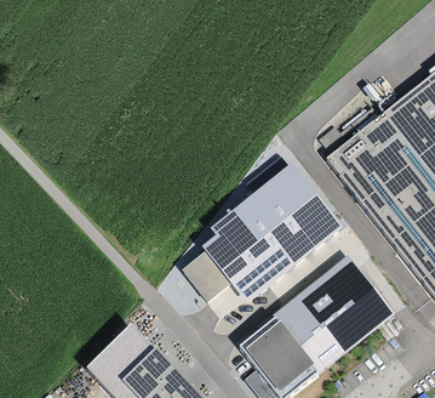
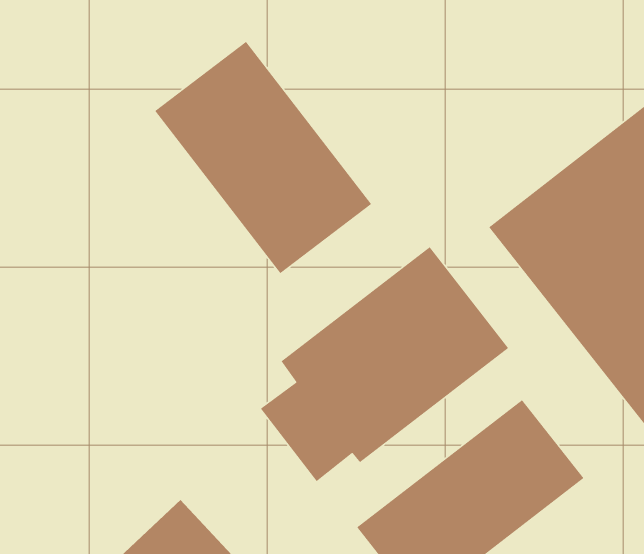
building: none -> [154,41,372,274]

